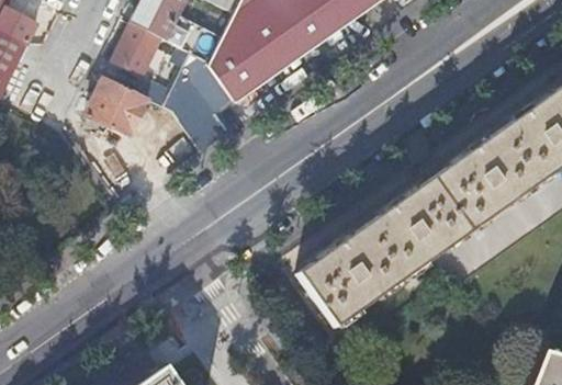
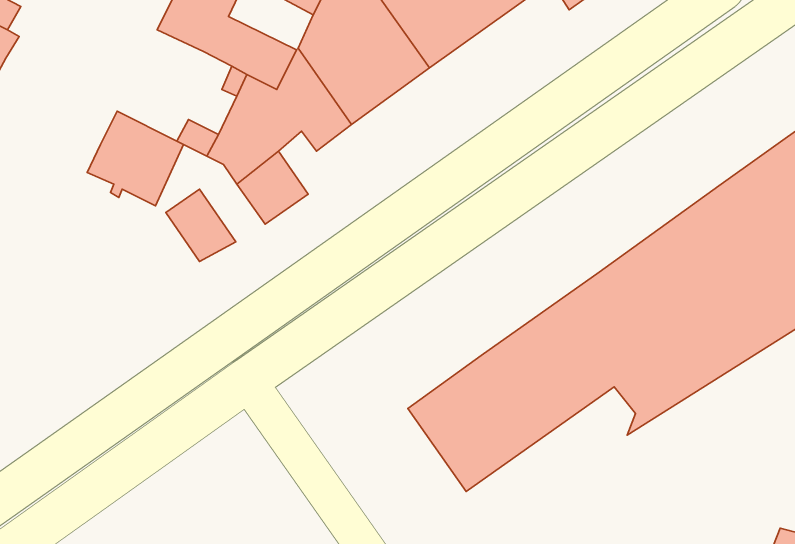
building: [112,22,161,76] -> none
building: none -> [166,189,236,262]

